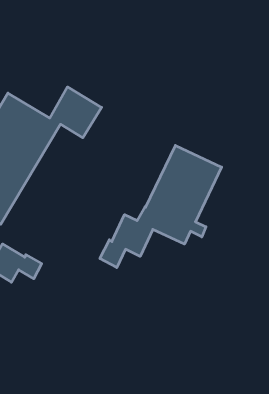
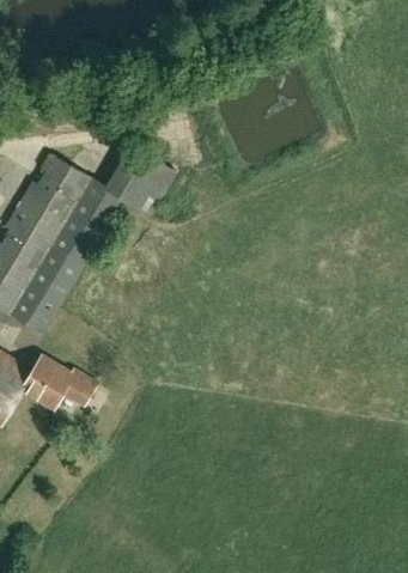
building: [100,145,222,268] -> none

